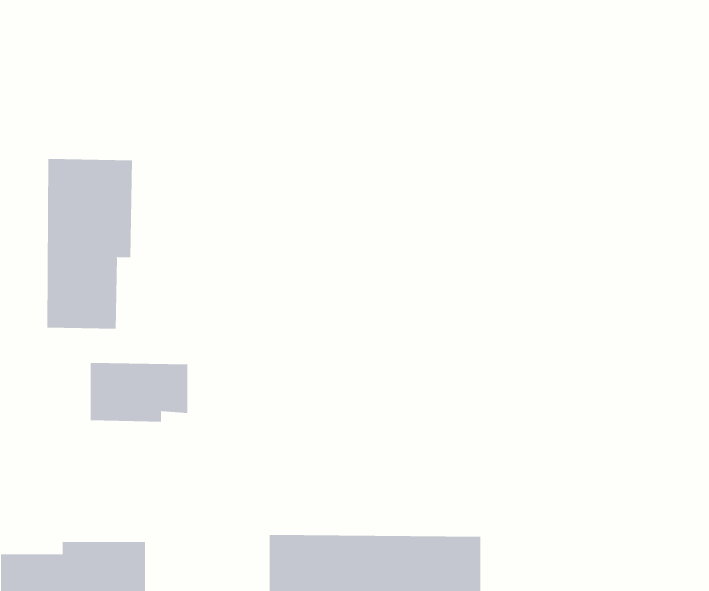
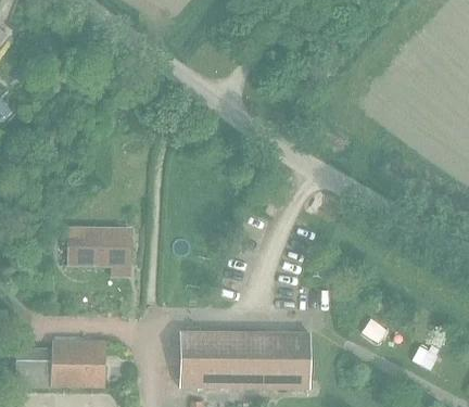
building: [47,158,133,329] -> none

